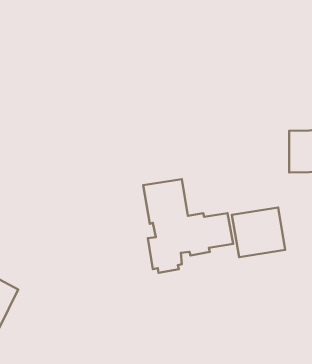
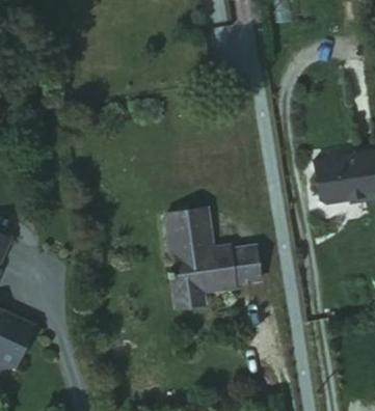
building: [232,208,285,257] -> none

